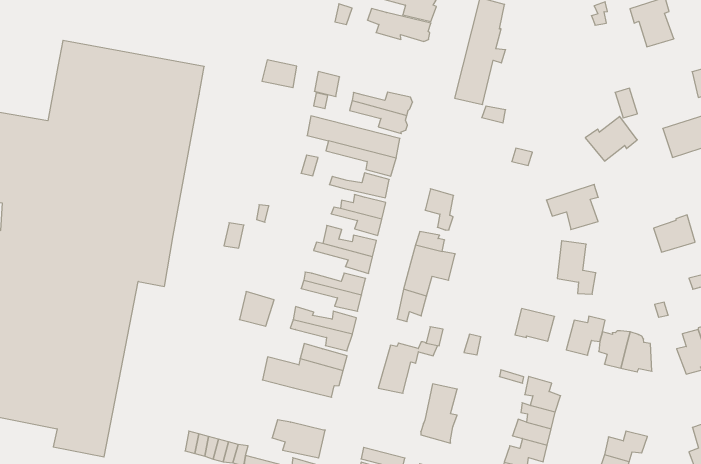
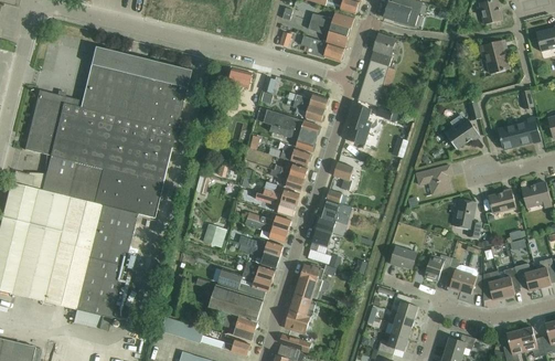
building: none -> [345,105,372,146]
building: [557,241,596,294] -> [455,200,481,237]
building: none -> [483,272,504,300]
building: none -> [209,285,263,321]
building: [421,384,457,443] -> [285,295,311,336]

